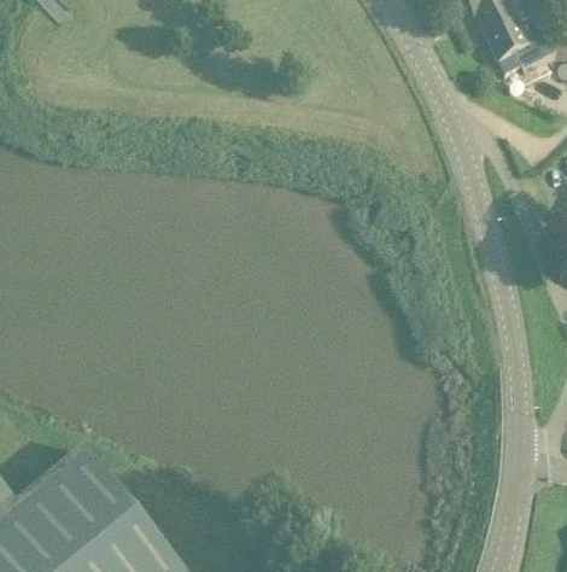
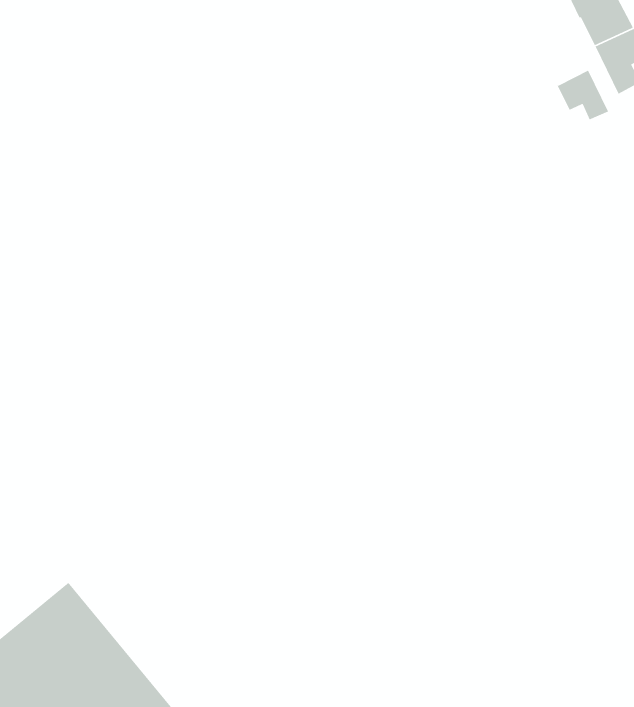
building: none -> [557,69,609,121]

